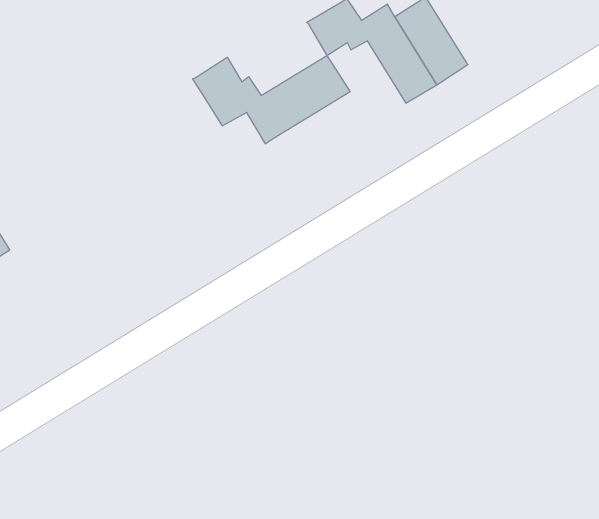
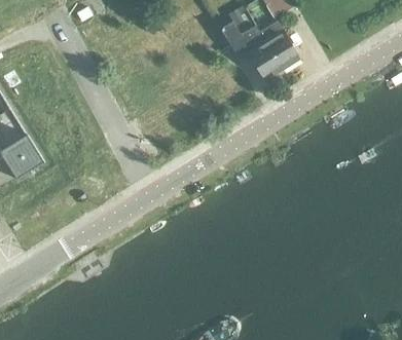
building: [193,55,350,144] -> none

